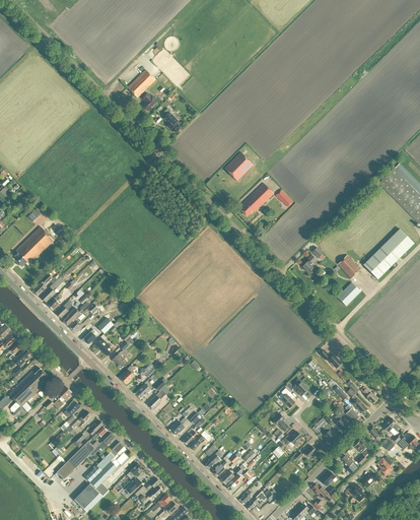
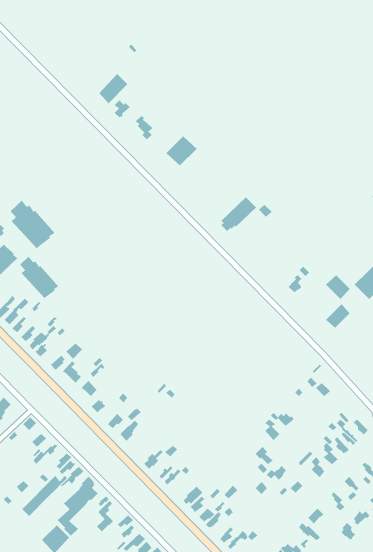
building: [224,151,254,180] -> [166,135,198,166]
building: none -> [10,200,56,249]
building: none -> [19,256,59,299]

